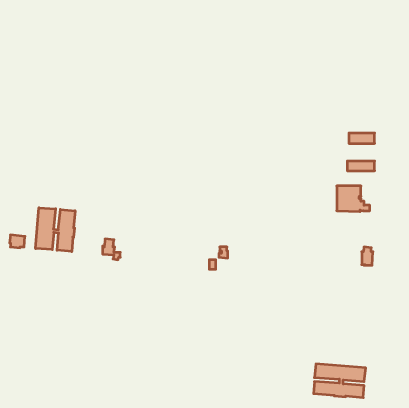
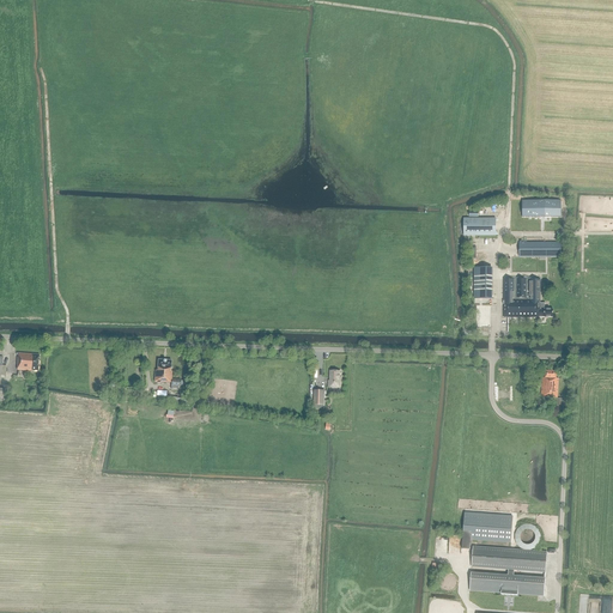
building: none -> [462,217,494,233]
building: none -> [473,266,491,296]
building: [36,208,75,252] -> none
building: none -> [461,510,511,547]

